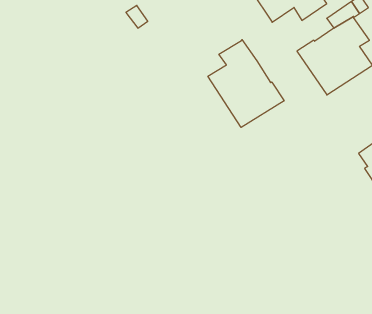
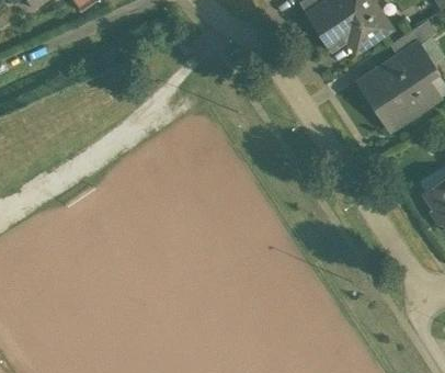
building: [208,40,284,127] -> none

